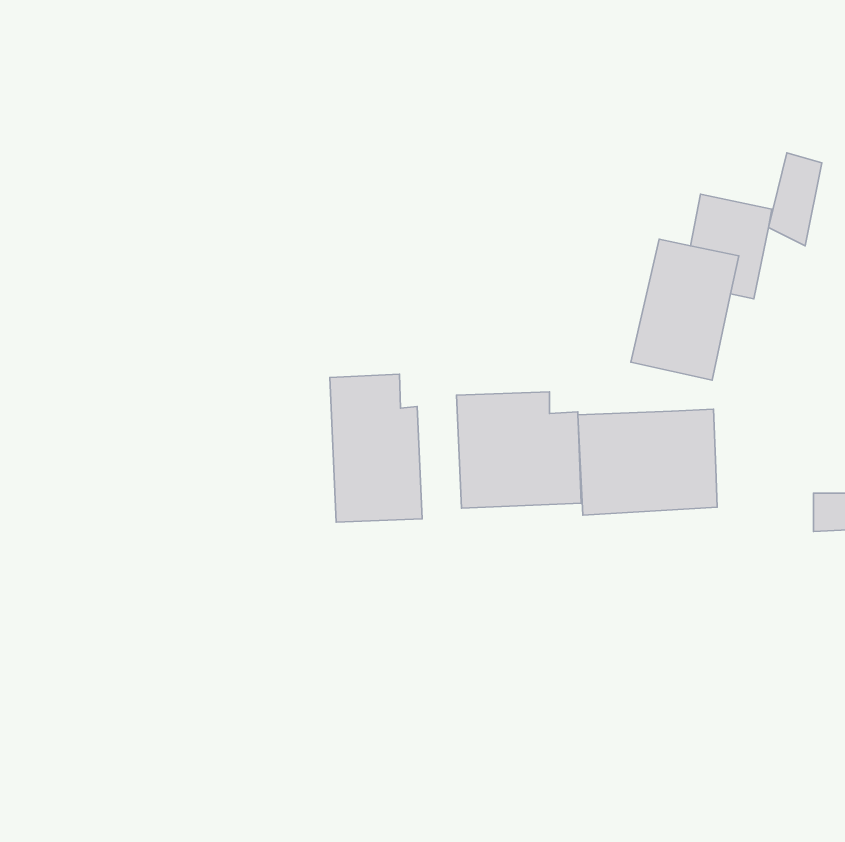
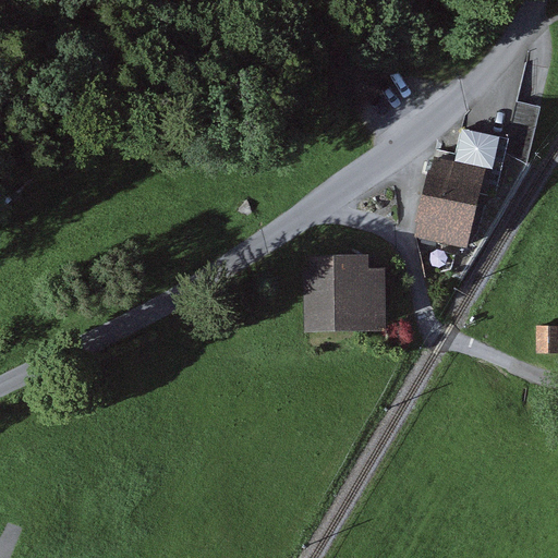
building: [330,374,422,522] -> none
building: [578,409,717,515] -> none

